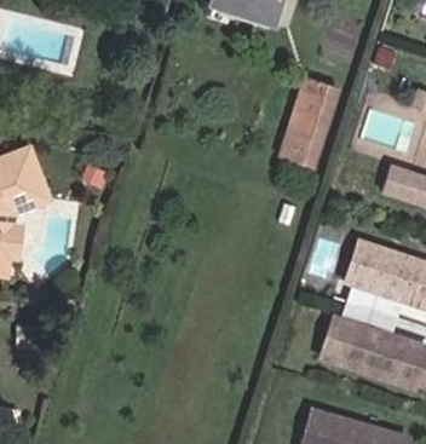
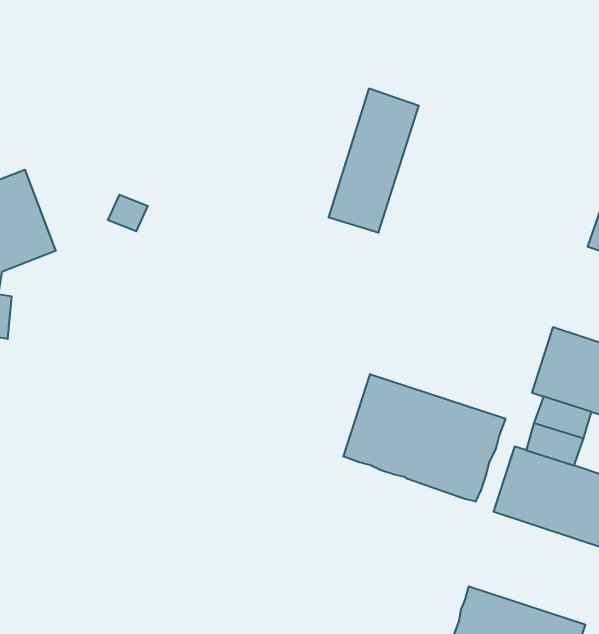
building: [282,76,339,167] -> [329,89,419,233]
building: none -> [343,374,505,502]

